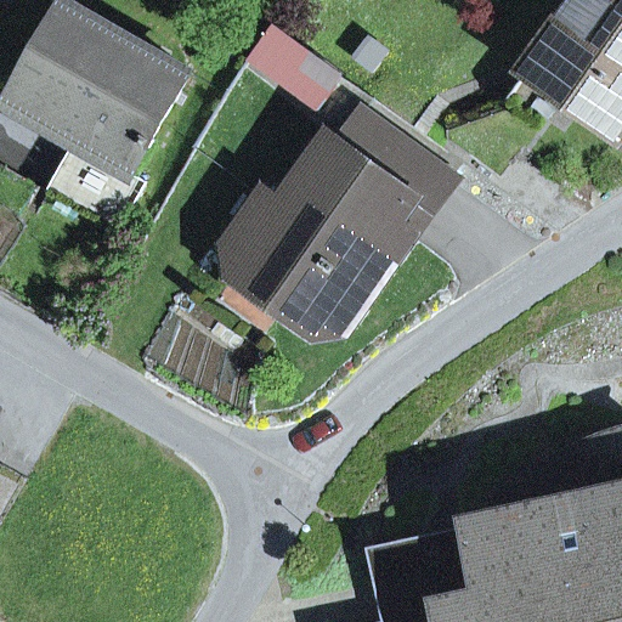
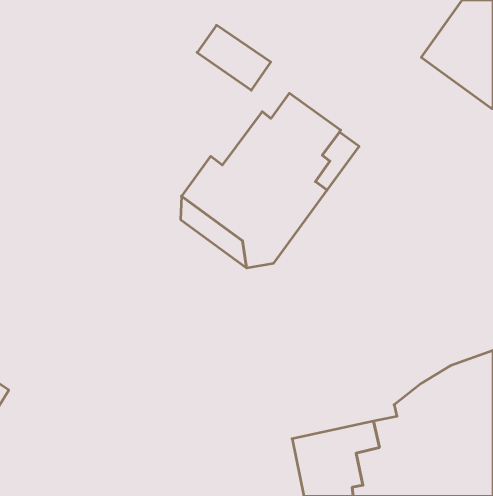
building: [13,5,187,233] -> none

